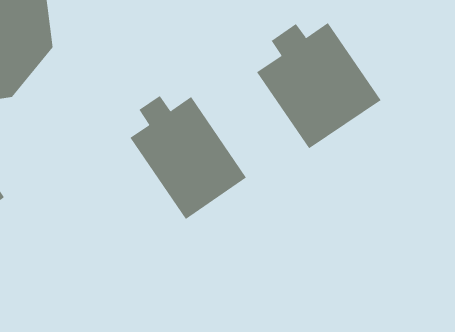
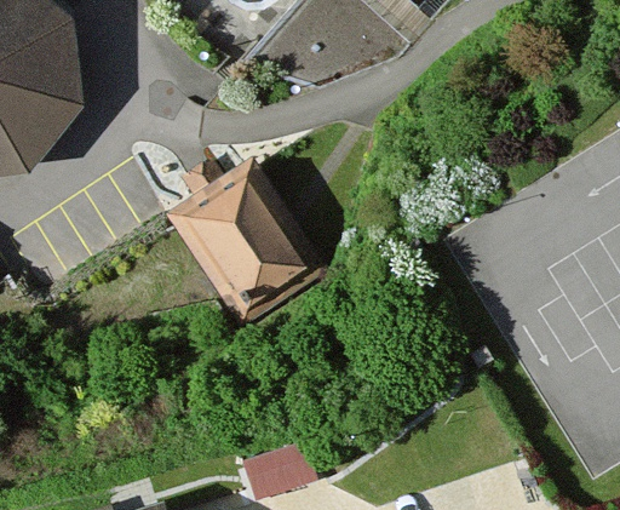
building: [256,22,381,149] -> none

